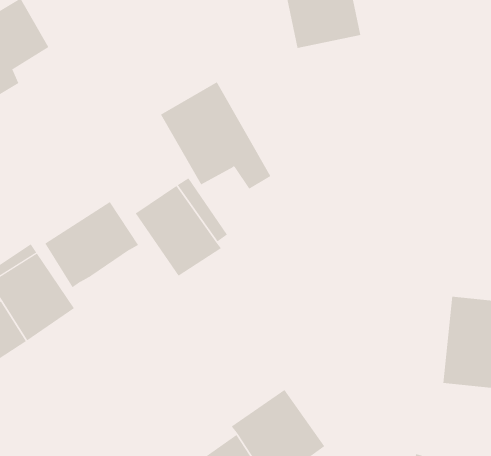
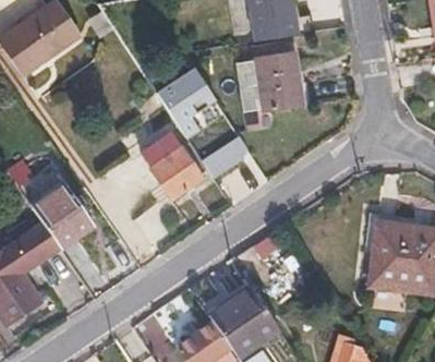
building: none -> [233,57,300,116]
building: none -> [203,133,253,174]
building: [44,201,139,288] -> none

